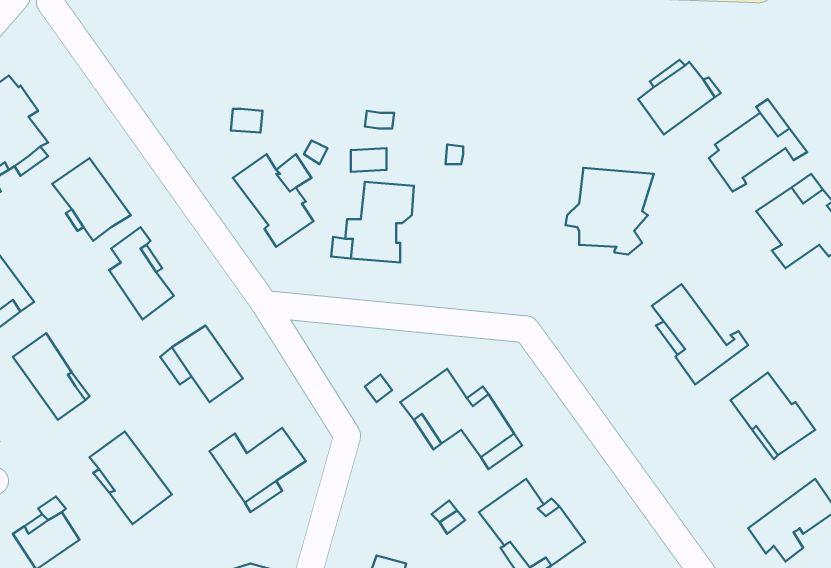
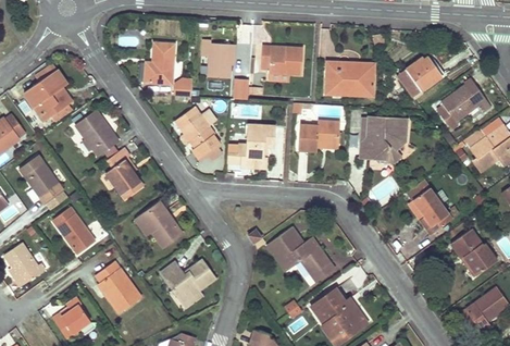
building: none -> [200,37,232,77]
building: none -> [144,41,174,83]
building: none -> [261,45,301,75]
building: none -> [325,61,373,94]
building: none -> [297,120,338,151]

